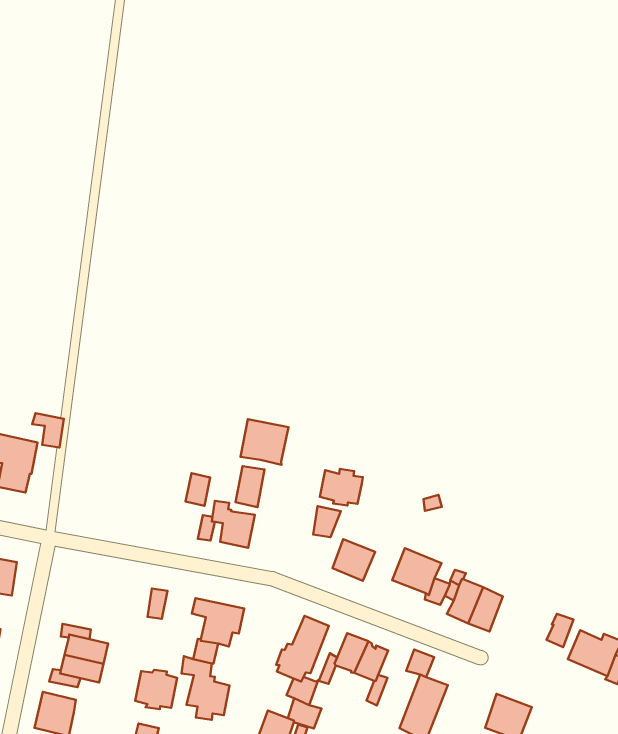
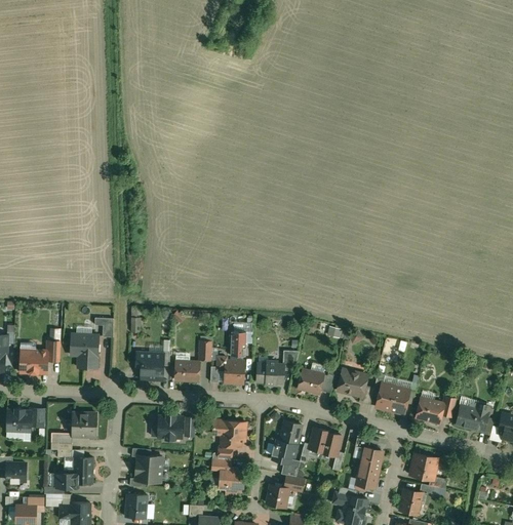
building: [241,419,288,465] -> none
building: [320,469,363,506] -> [258,361,283,383]
building: none -> [136,352,163,379]
building: none -> [175,361,200,379]
building: none -> [417,398,444,421]
building: [135,670,177,709] -> [158,414,183,439]

